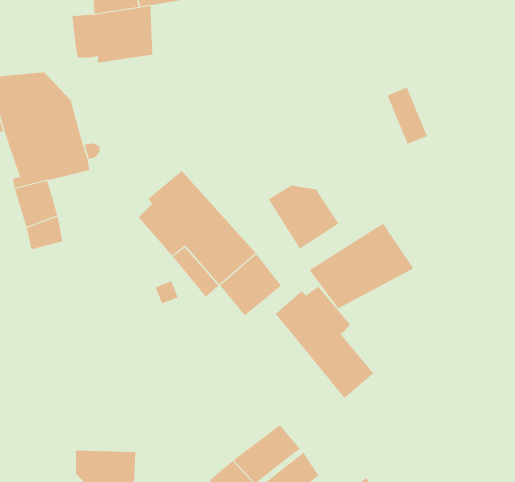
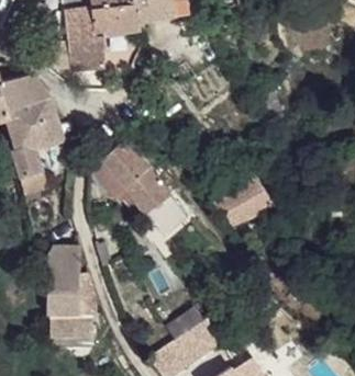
building: [268,185,339,250] -> none
building: [275,286,374,399] -> none
building: none -> [44,250,100,319]

